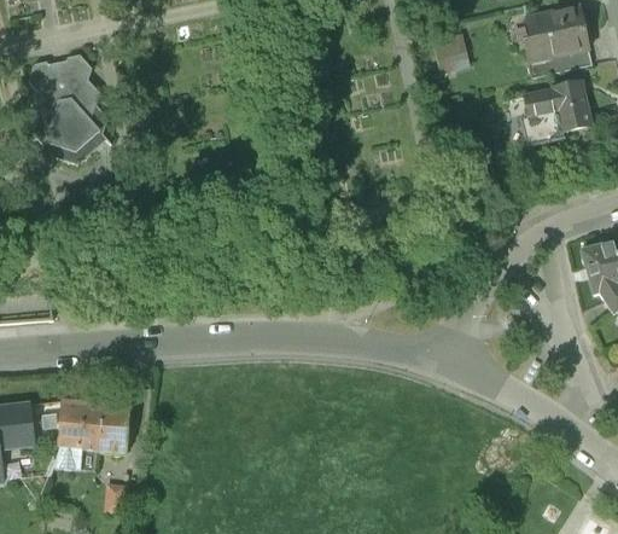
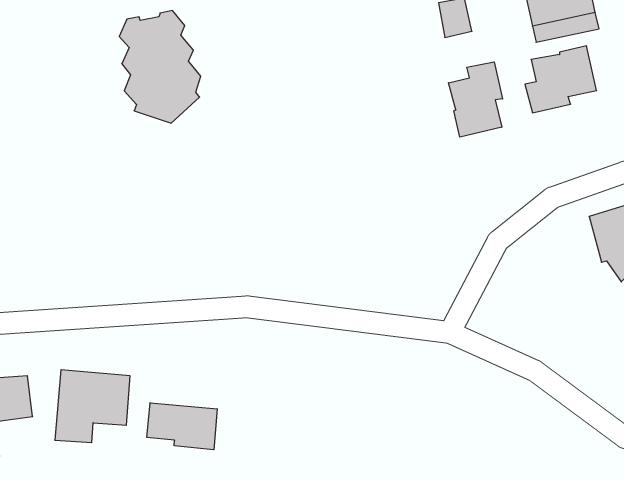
building: [25,54,105,164] -> [119,11,201,123]
building: none -> [448,62,503,137]
building: none -> [147,403,217,450]

